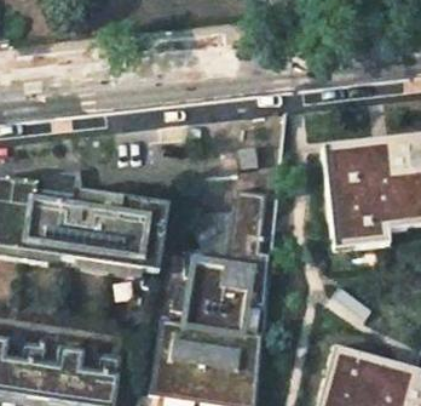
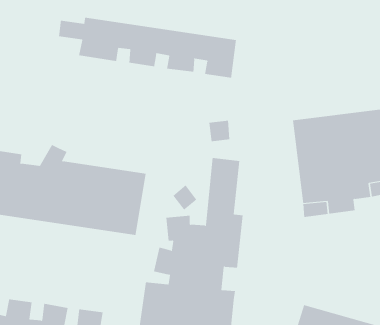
building: none -> [58,17,237,79]

